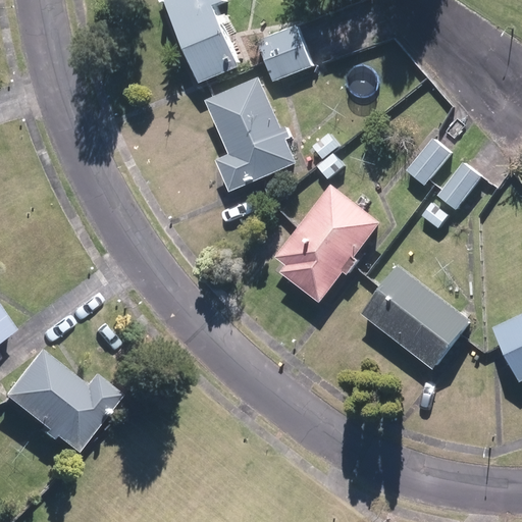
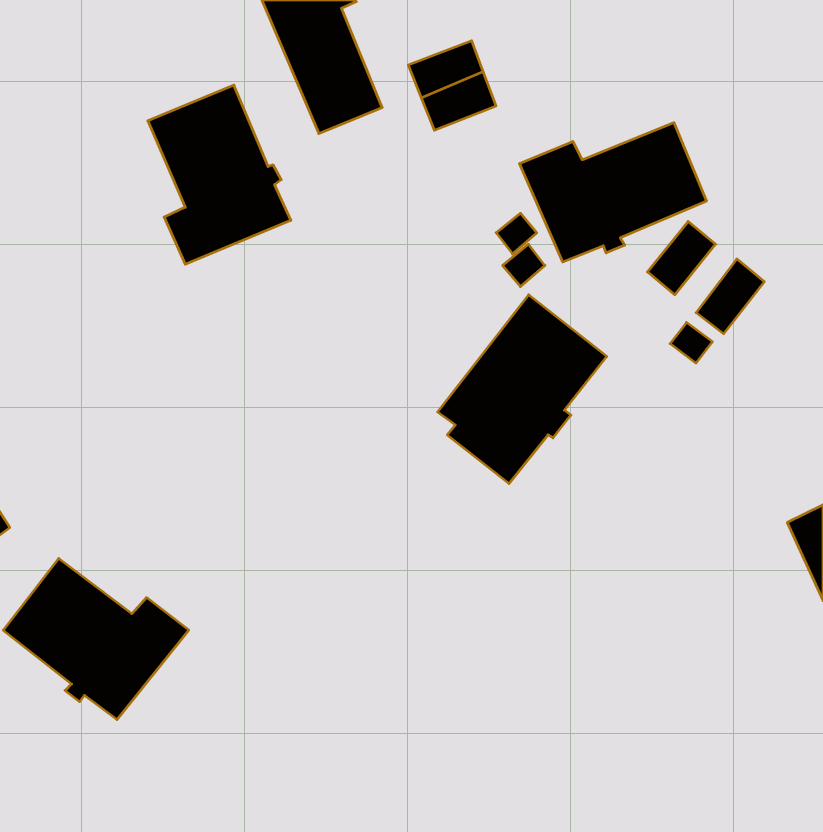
building: none -> [520,123,706,262]
building: [206,77,296,190] -> [148,85,291,264]
building: [361,264,472,369] -> none

